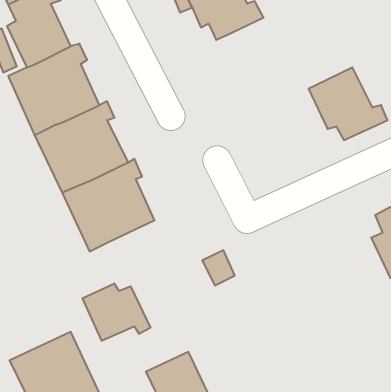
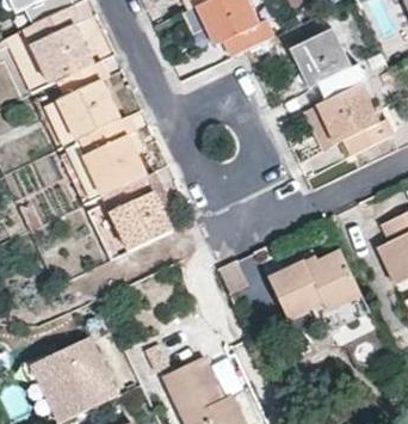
building: none -> [290,29,366,102]
building: none -> [268,250,370,332]
building: [82,283,150,341] -> none

